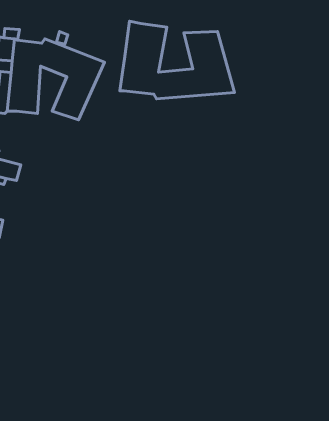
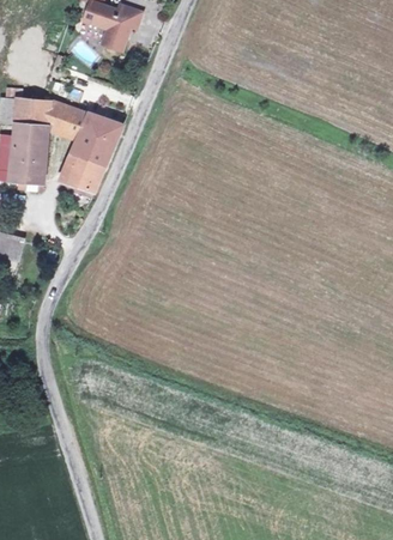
building: [120,21,234,99] -> none

